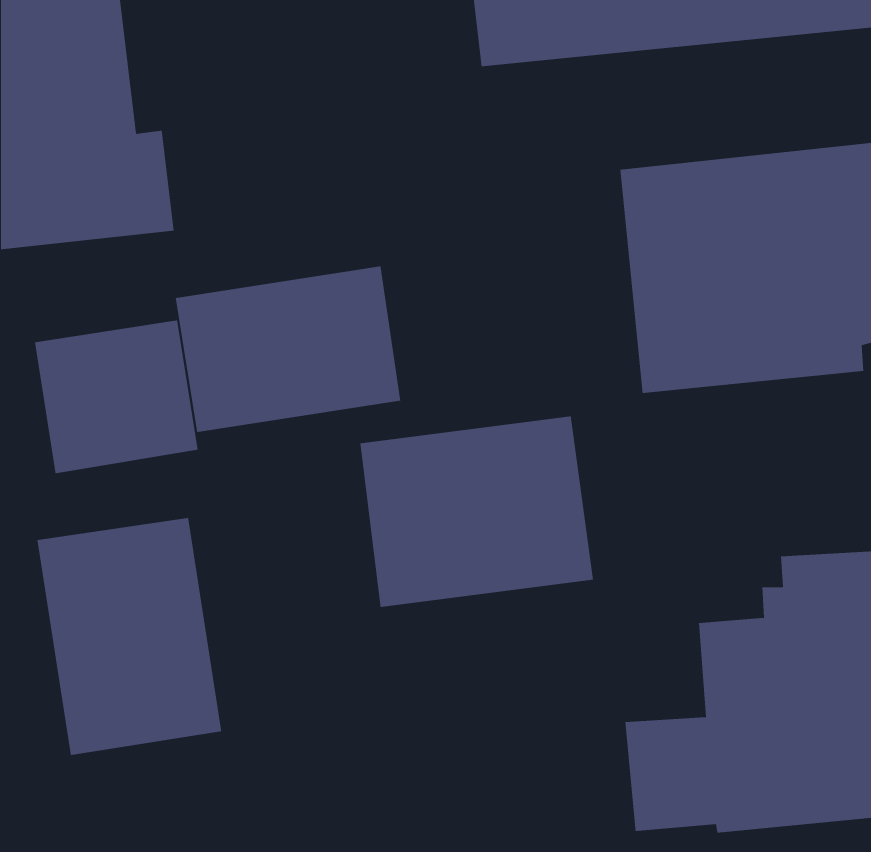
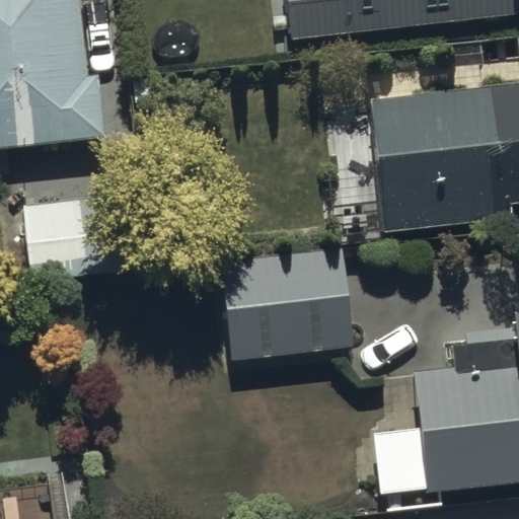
building: [175,265,401,433] -> none
building: [37,517,222,756] -> none

